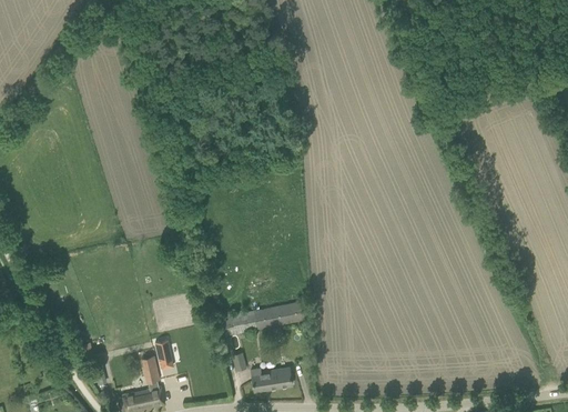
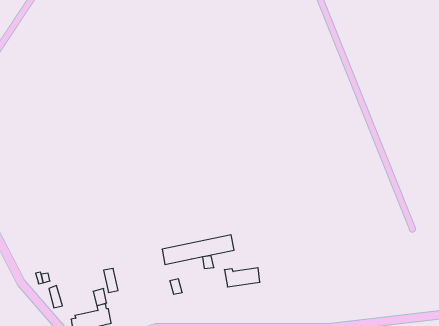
building: [251,368,292,390] -> [224,268,260,287]

